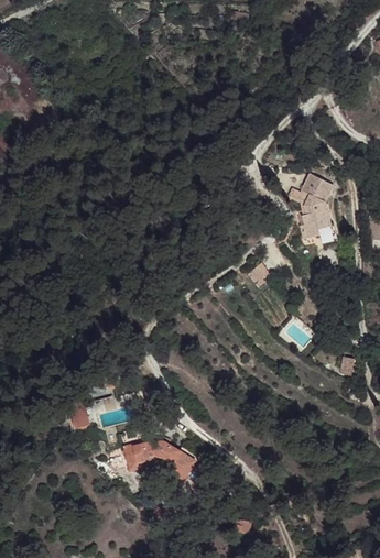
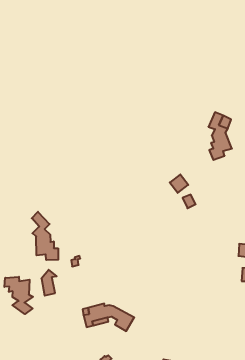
building: none -> [32,212,58,260]
building: none -> [4,277,33,314]

